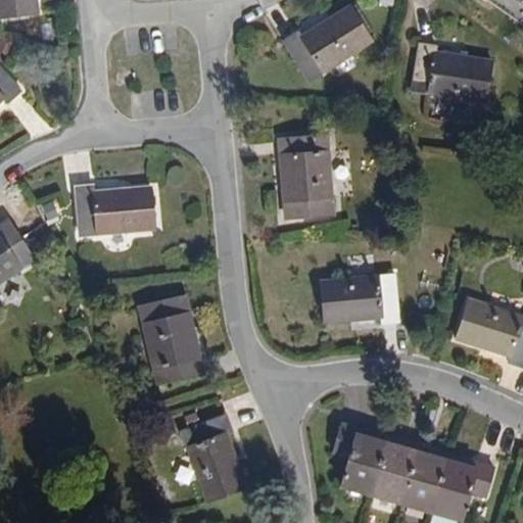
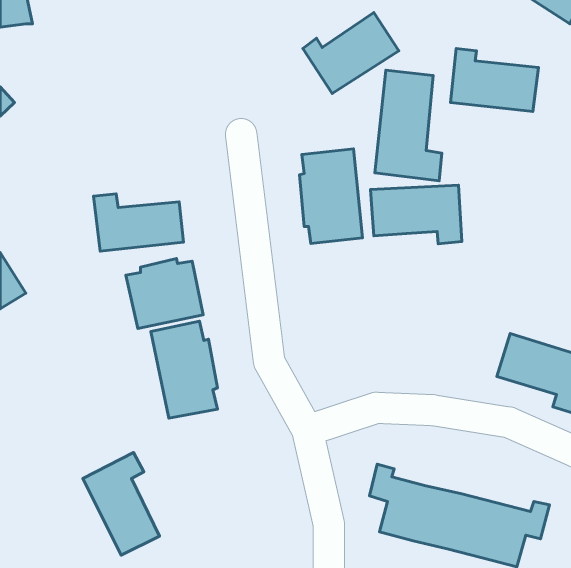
building: none -> [375,70,442,181]
building: none -> [126,258,203,329]
building: [316,278,398,331] -> [371,185,462,244]
building: [171,415,240,508] -> [83,453,160,555]

